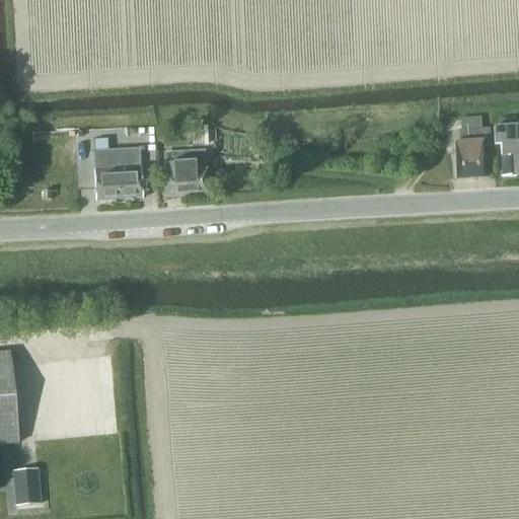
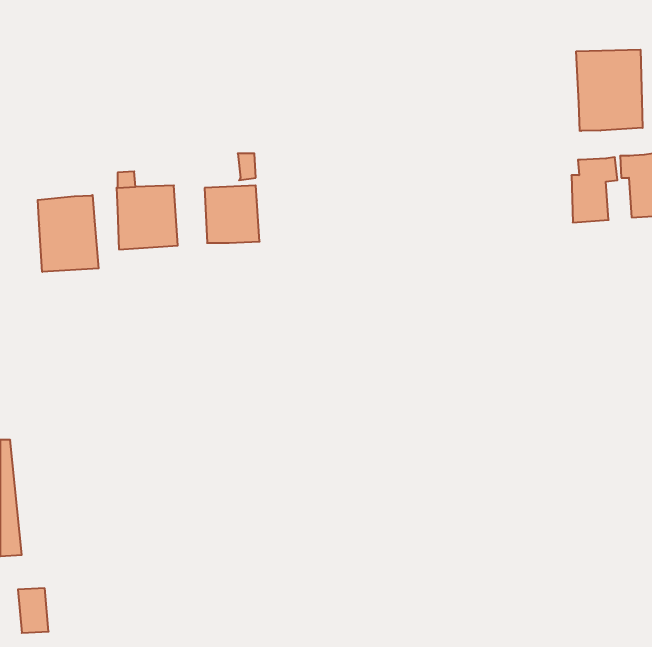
building: none -> [576,50,643,131]
building: none -> [38,195,99,272]

